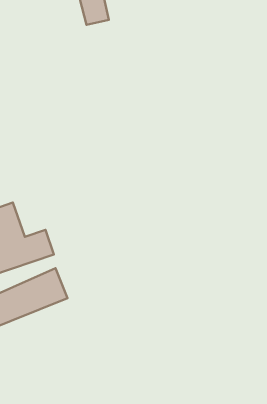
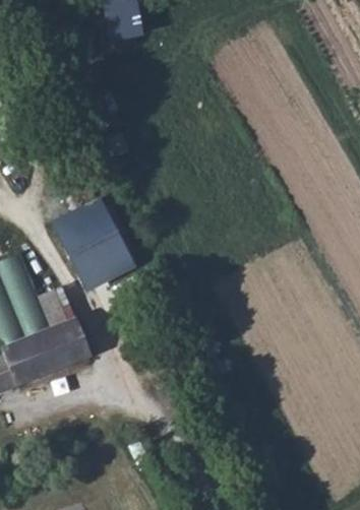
building: none -> [55,206,129,282]

